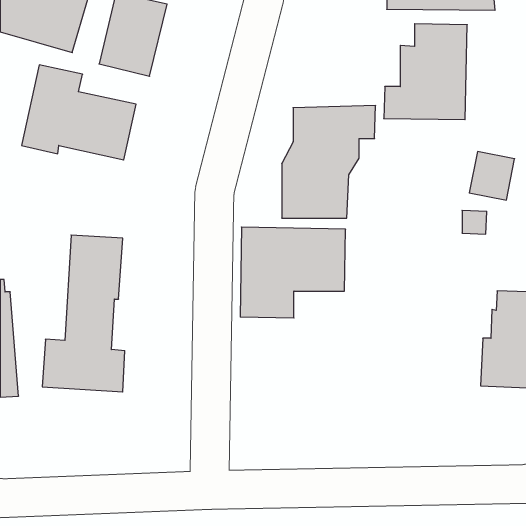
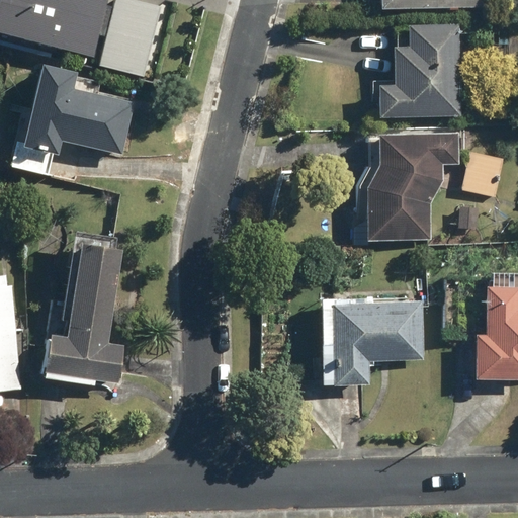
building: [282,106,376,218] -> [366,131,458,241]
building: [240,227,346,318] -> [319,297,422,386]

